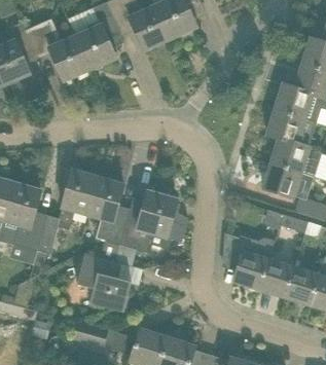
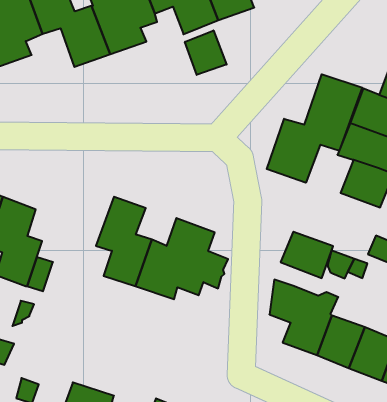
building: none -> [185,30,227,75]
building: none -> [267,74,362,183]
building: [262,165,301,198] -> [281,232,333,278]
building: [57,170,99,229] -> none
building: [76,254,132,312] -> none

